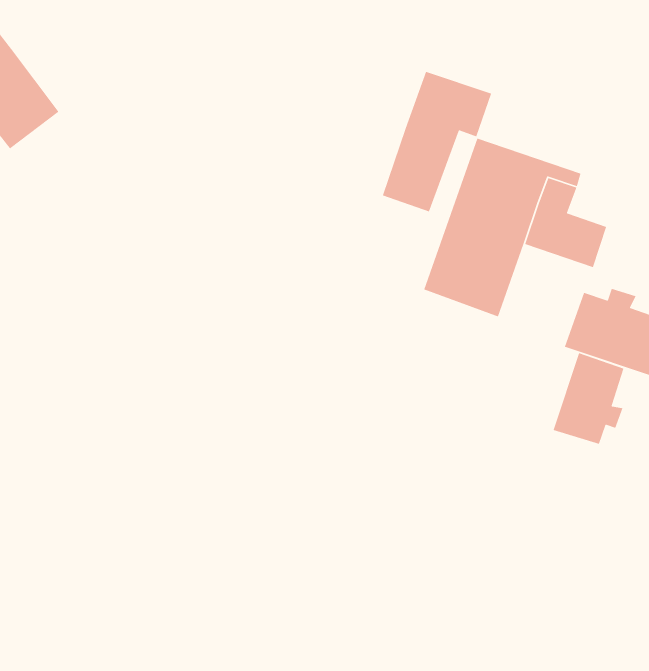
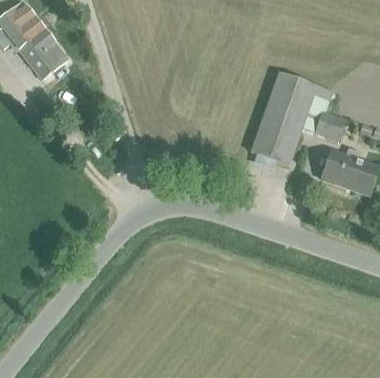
building: [382,71,492,212] -> none
building: [553,352,625,445] -> none

